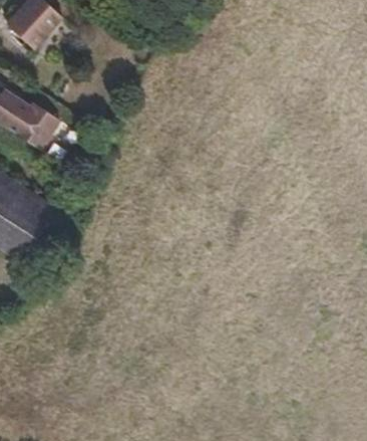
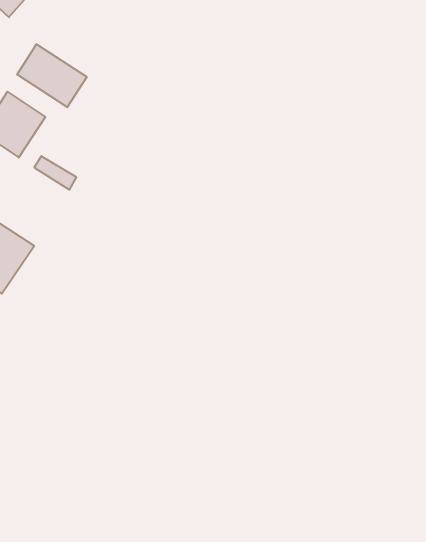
building: none -> [17,44,87,107]

